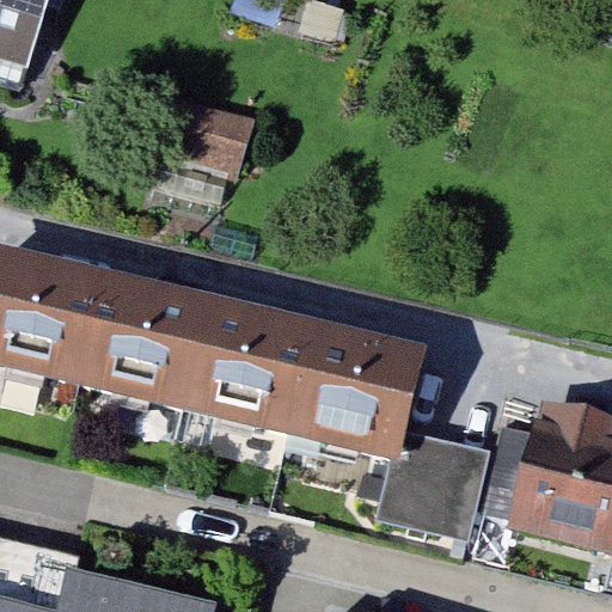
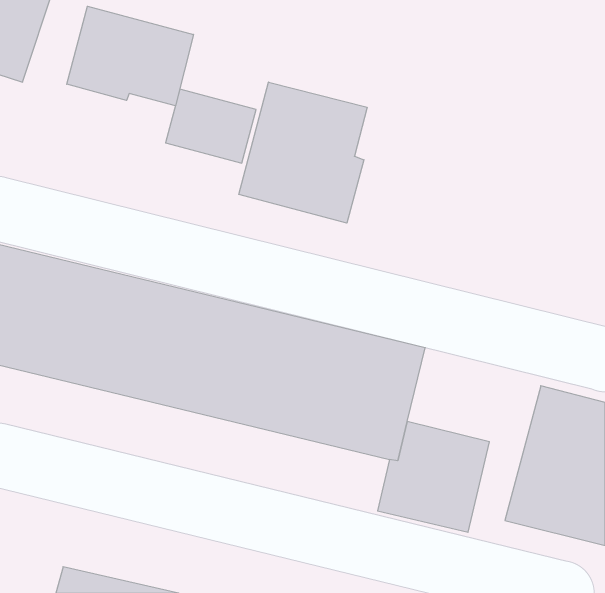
building: none -> [67,6,193,106]
building: none -> [239,82,367,223]

